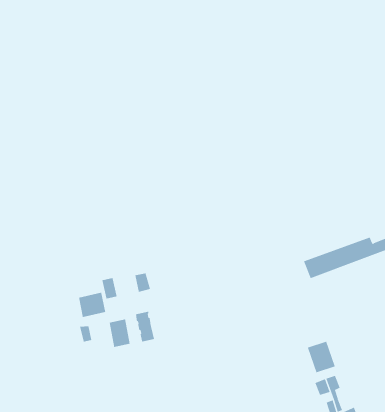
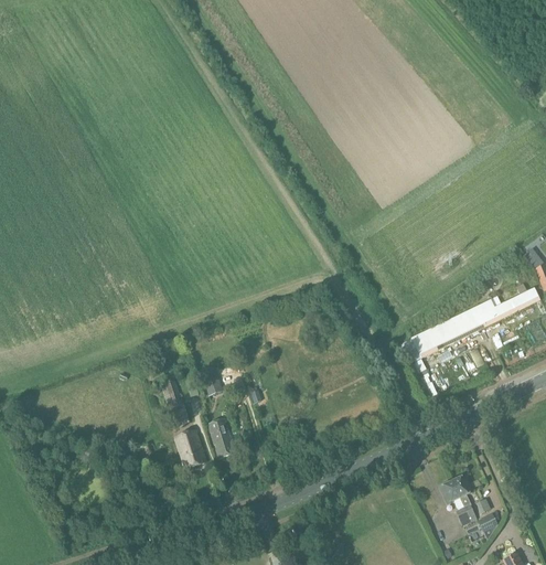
building: [78,292,106,318] -> none
building: [307,341,336,373] -> none

